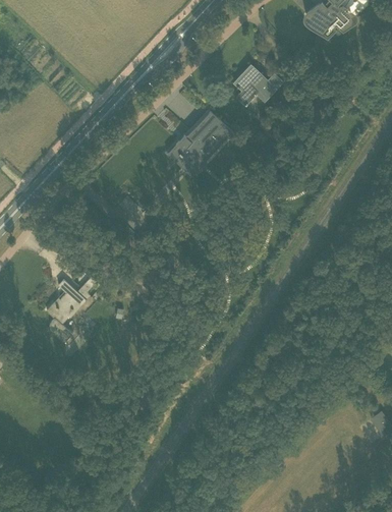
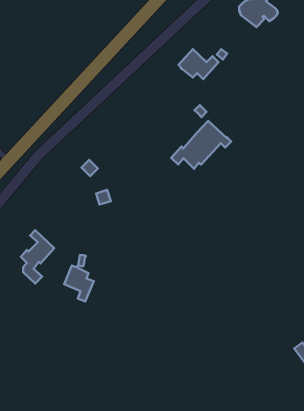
building: [167,111,238,168] -> [171,121,231,169]
building: none -> [64,266,94,301]

